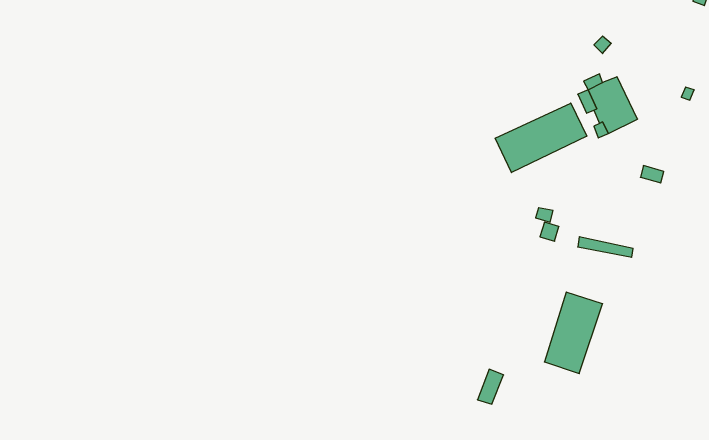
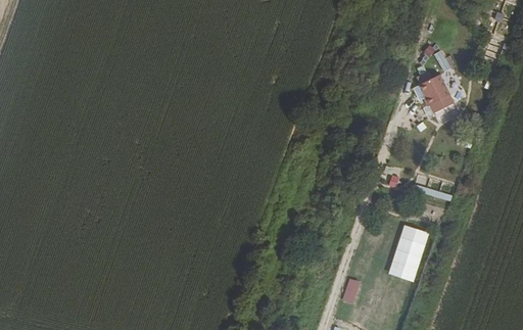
building: [495,103,587,173] -> none

